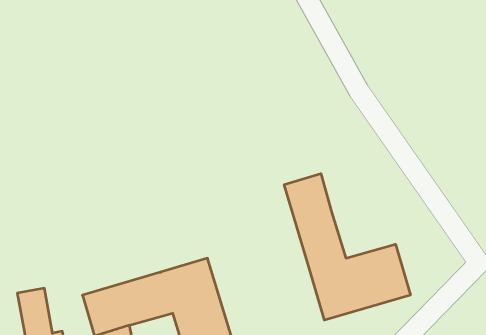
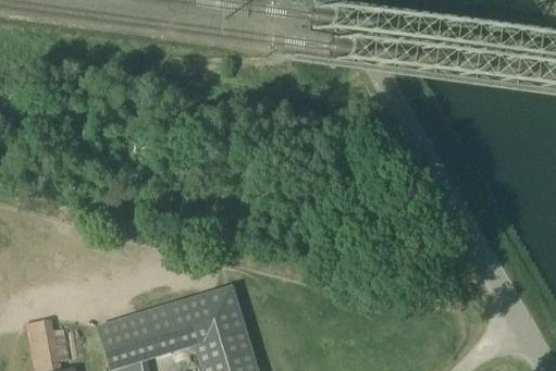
building: [284,174,410,320] -> none

